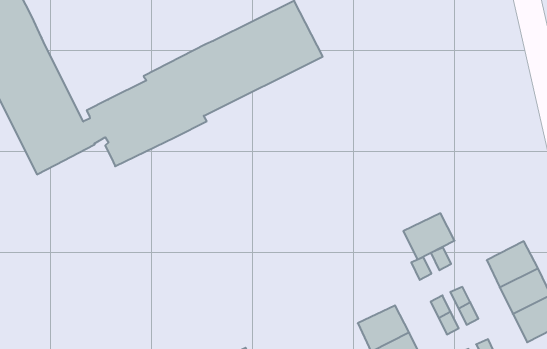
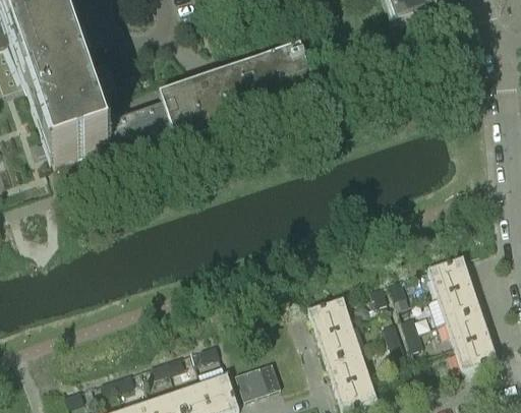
building: [403,213,455,260] -> [427,255,471,293]
building: none -> [307,296,351,333]

